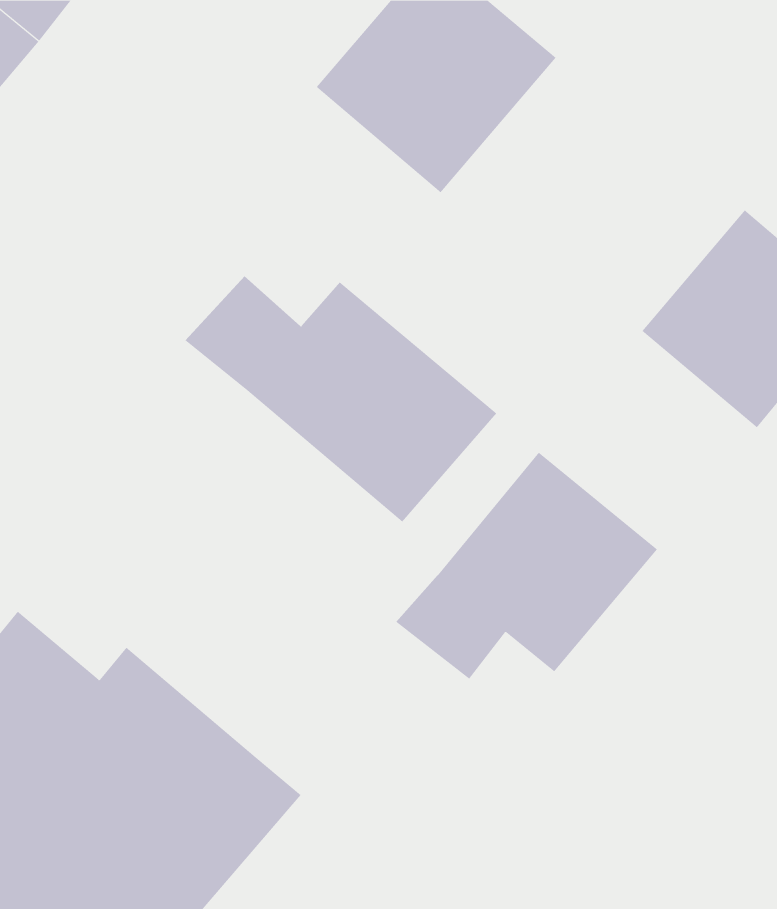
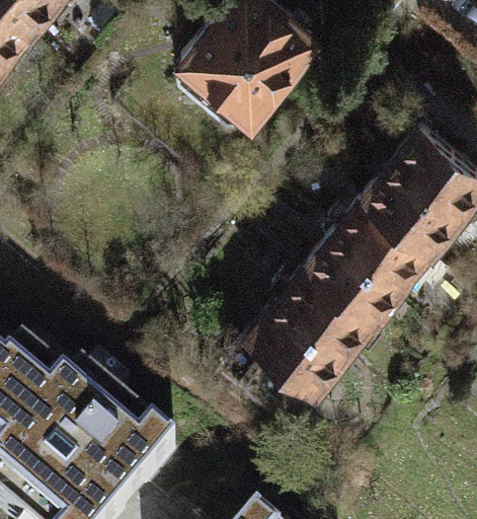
building: [184,275,497,523] -> none
building: none -> [312,194,434,316]

